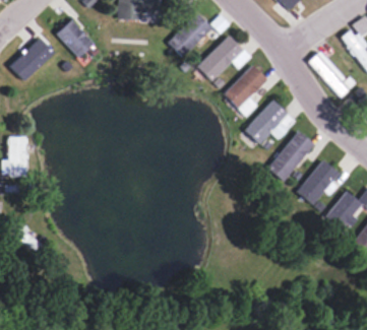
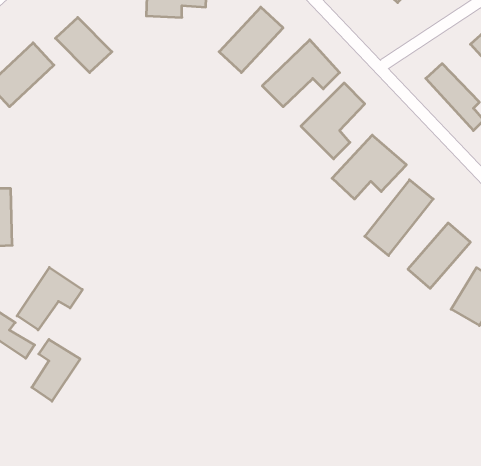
building: none -> [17,267,82,330]
building: none -> [32,339,80,401]

